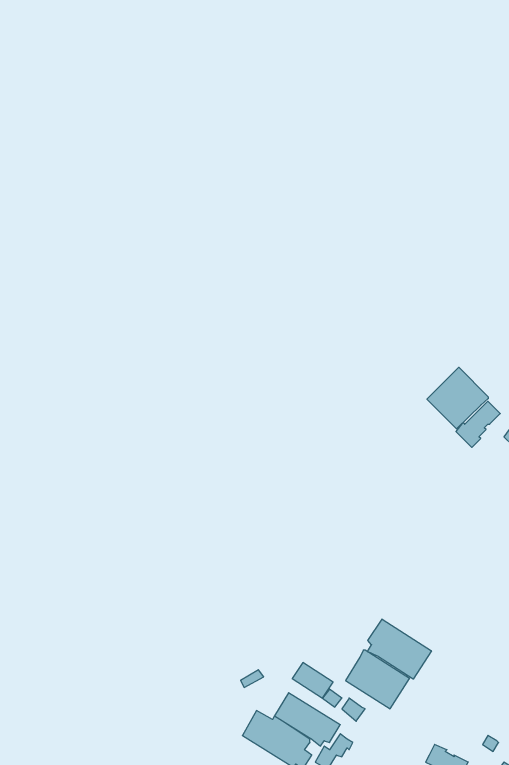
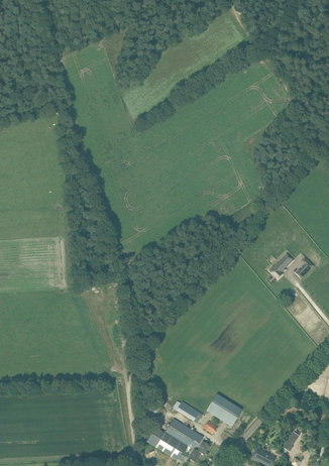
building: [427,367,488,429] -> none
building: [367,619,431,679] -> none

